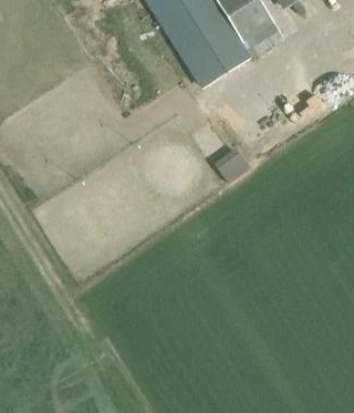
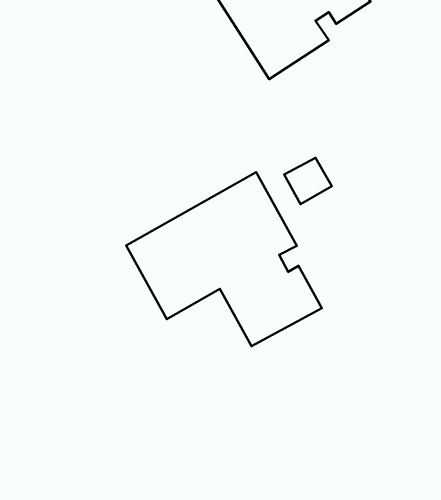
building: none -> [126,172,322,346]

